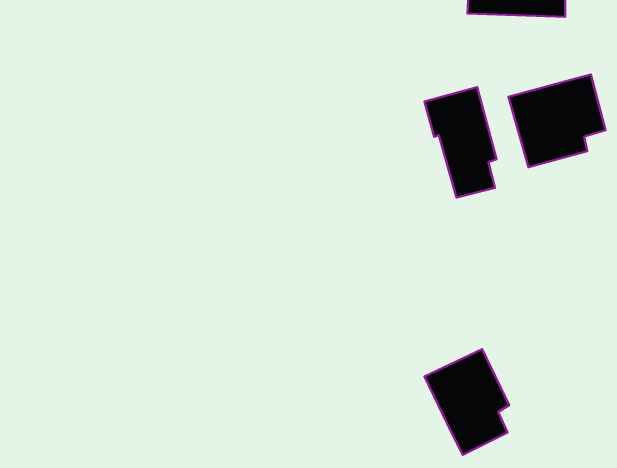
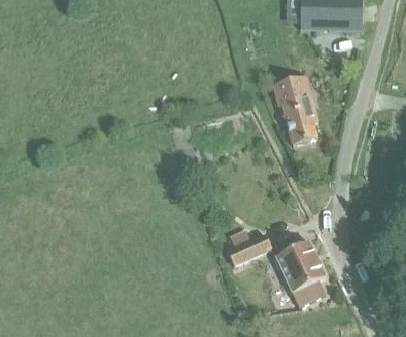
building: [509,75,605,167] -> none
building: none -> [225,228,270,264]

